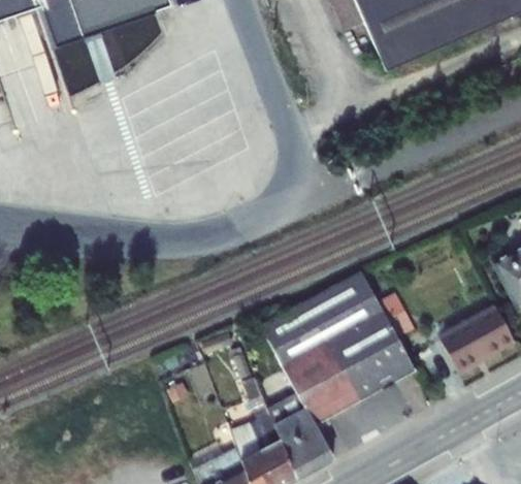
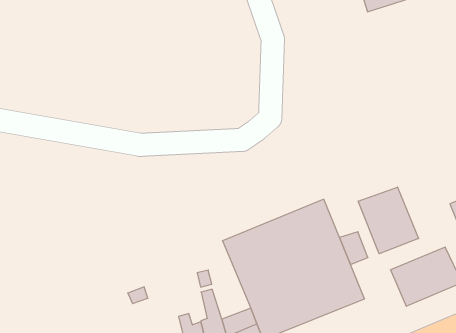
building: none -> [358,187,418,254]

